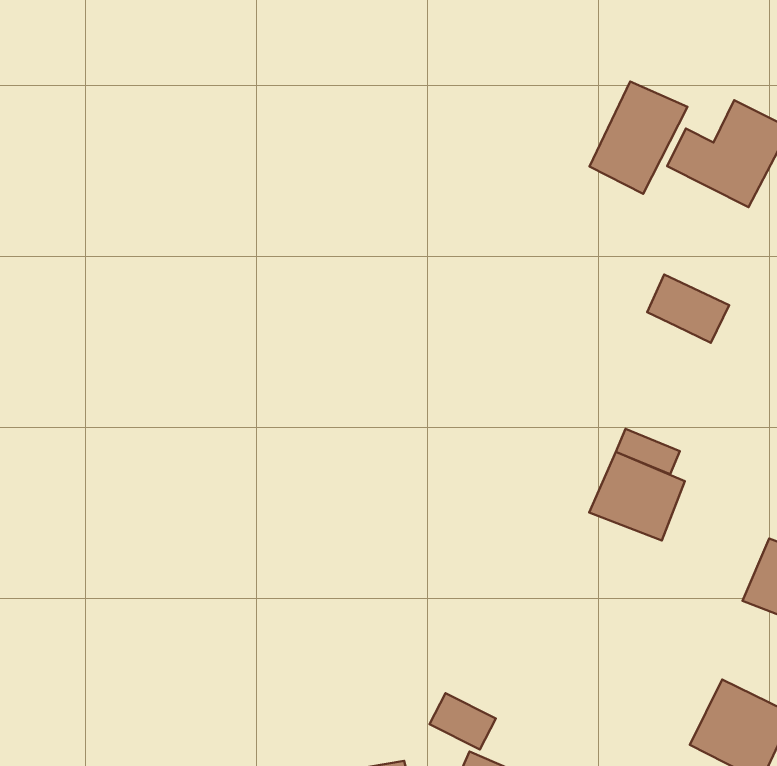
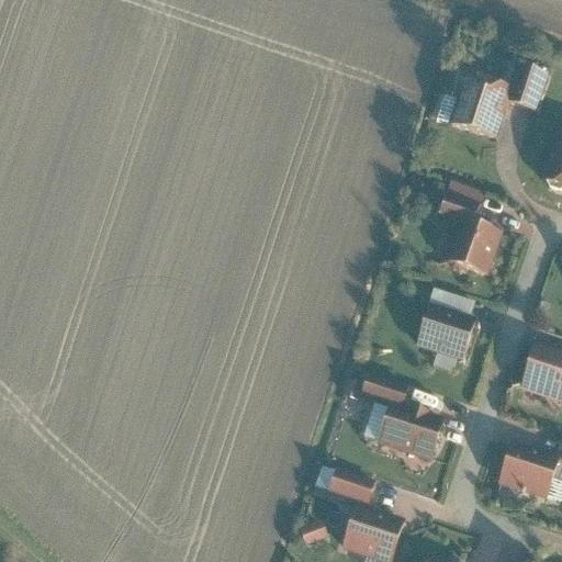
building: [590,82,688,194] -> none
building: none -> [445,220,496,271]
building: none -> [356,372,445,462]

